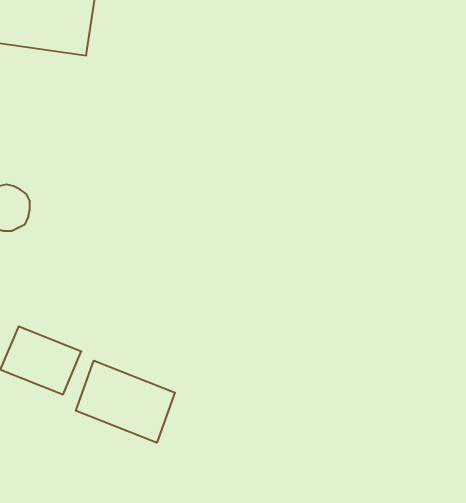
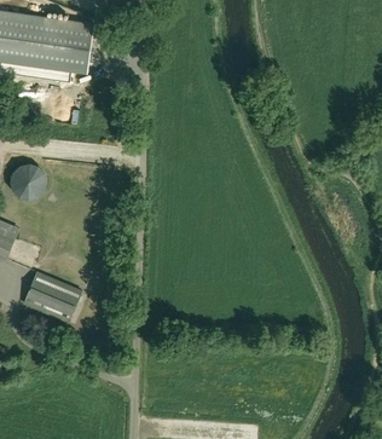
building: [76,361,175,443] -> none

